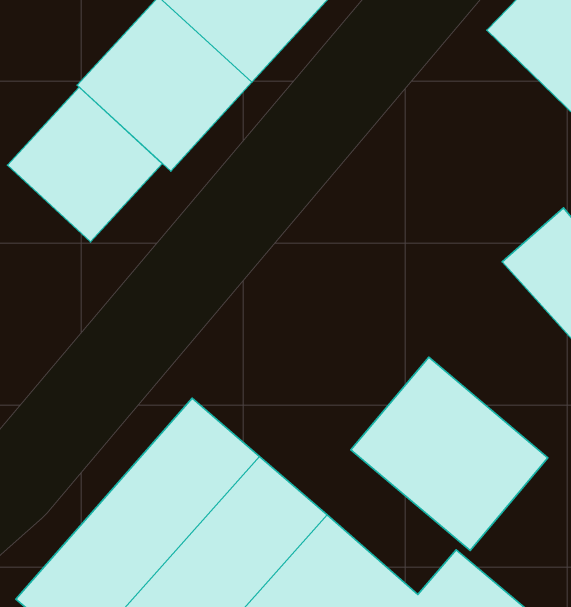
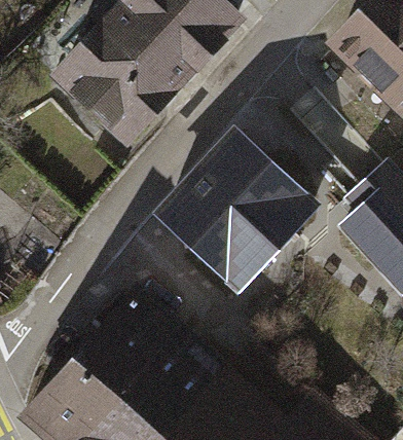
building: [8,87,162,242] -> none
building: none -> [163,145,306,288]
building: [351,357,548,550] -> none

